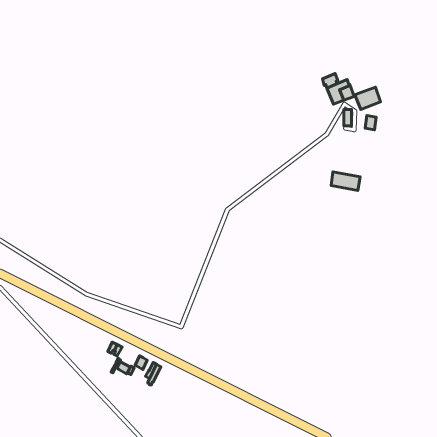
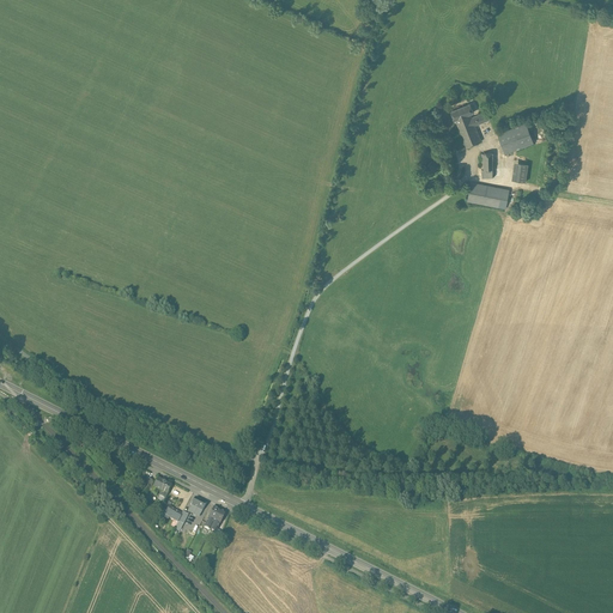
building: [331,172,360,190] -> [468,182,509,208]

